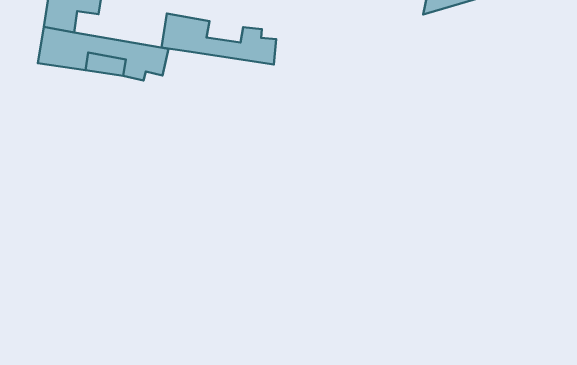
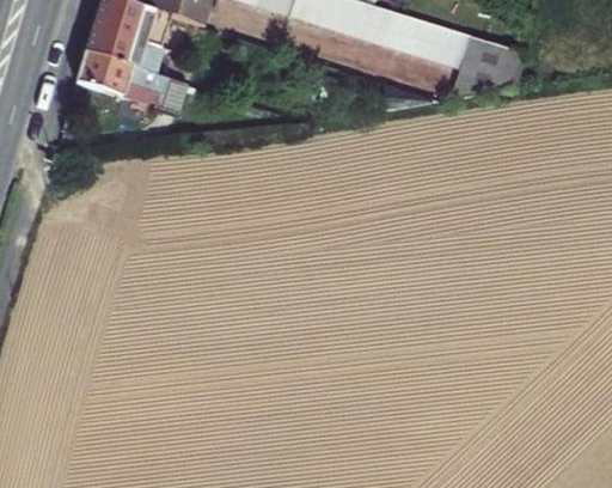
building: [161,13,276,65] -> none

